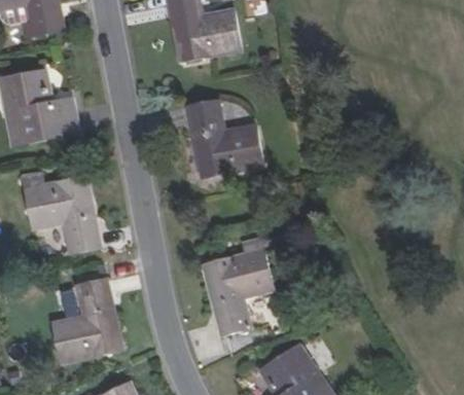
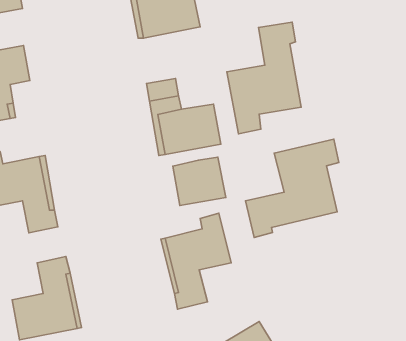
building: none -> [227,22,301,134]
building: none -> [245,139,339,238]
building: none -> [173,157,226,206]

